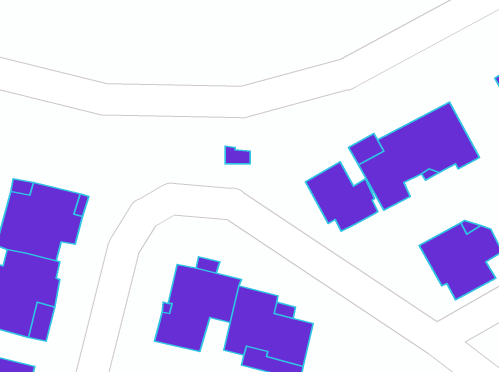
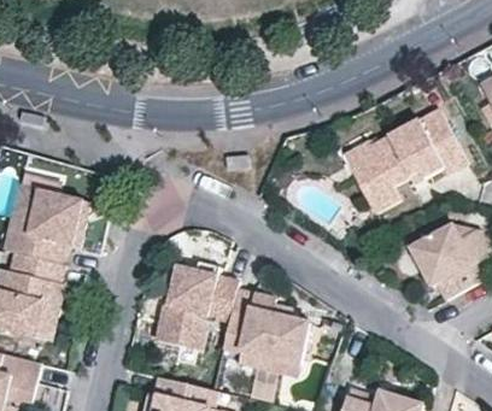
building: [305,162,378,231] -> none

